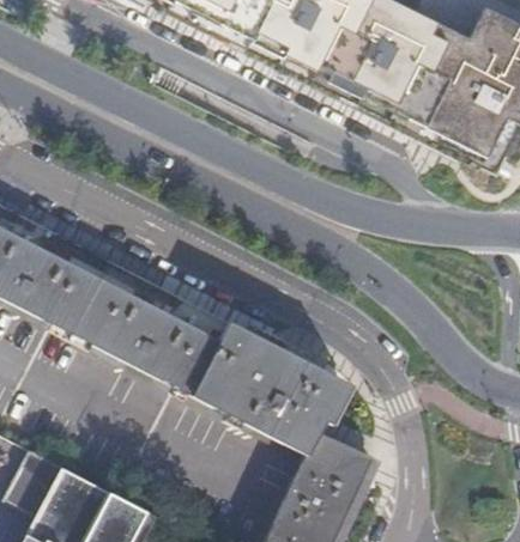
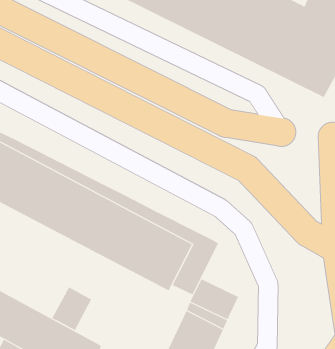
building: none -> [52,287,92,331]

